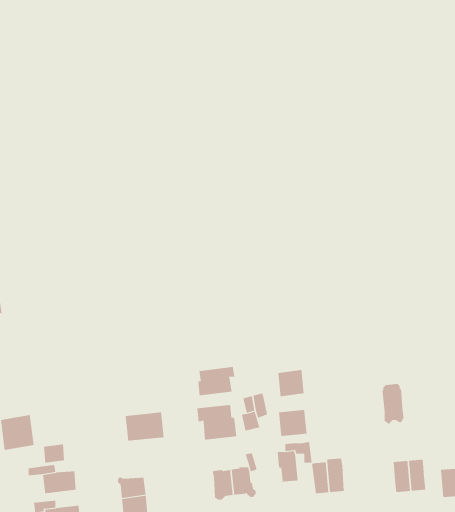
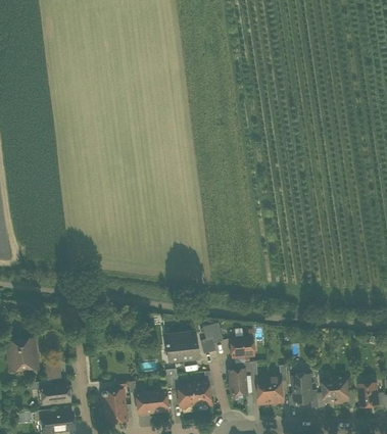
building: [198,366,235,396] -> none
building: [278,369,304,397] -> none
building: [381,384,404,424] -> [293,371,311,403]
building: [125,412,164,441] -> [136,390,167,414]

